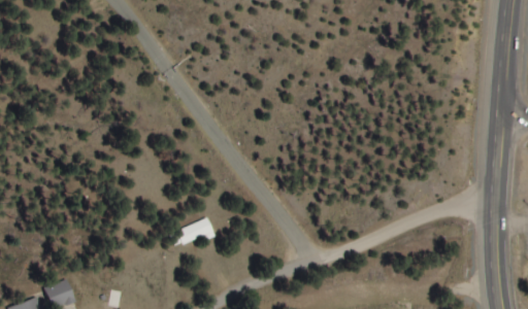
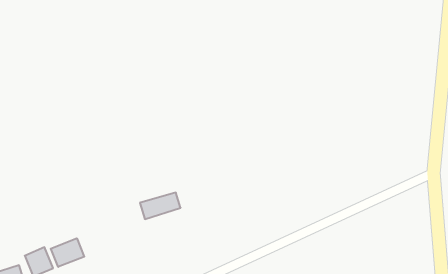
building: none -> [51,238,84,267]

